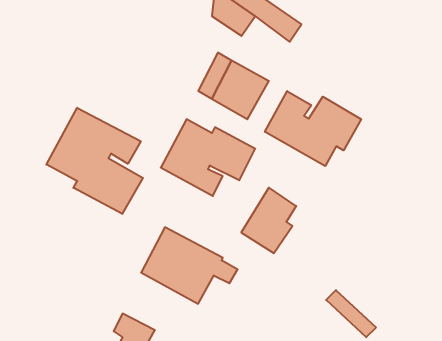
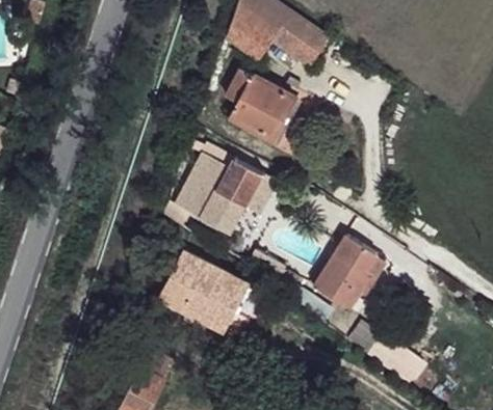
building: [265,91,361,166] -> none
building: [46,108,143,214] -> none
building: [241,188,296,253] -> [314,238,372,307]

